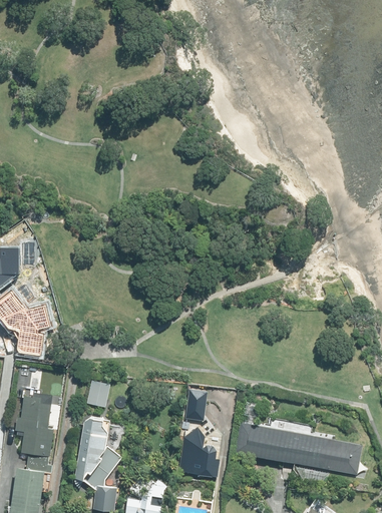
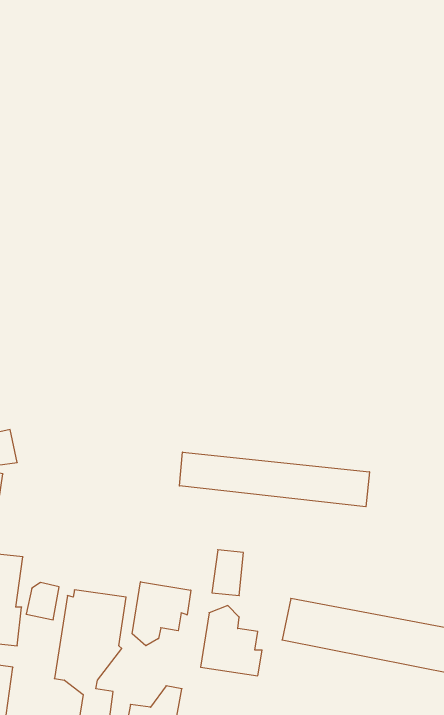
building: none -> [179,452,369,507]
building: [86,382,109,408] -> [26,583,59,620]
building: none -> [132,582,191,646]

